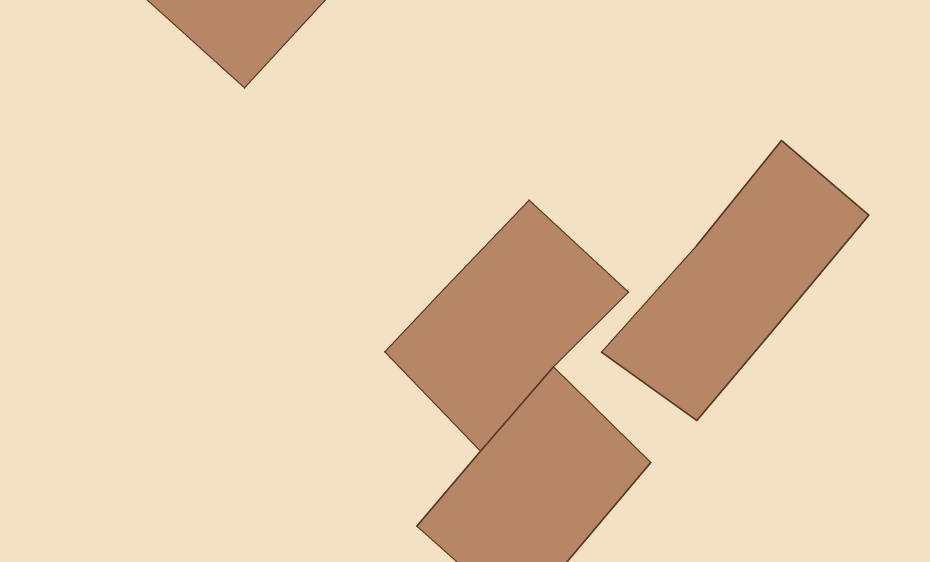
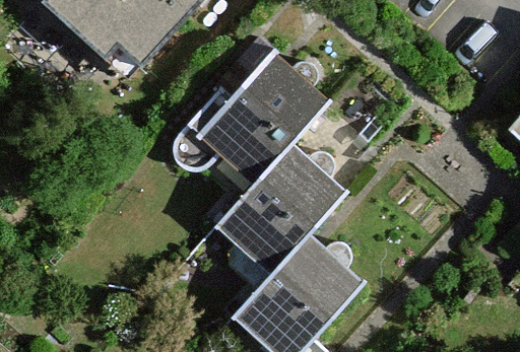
building: none -> [194,52,326,188]
building: [601,140,869,420] -> none

